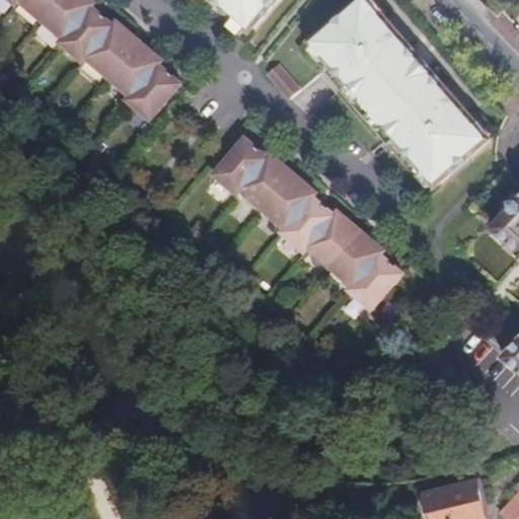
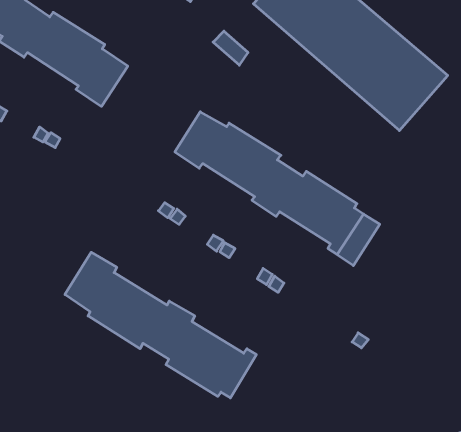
building: none -> [65,252,256,398]

